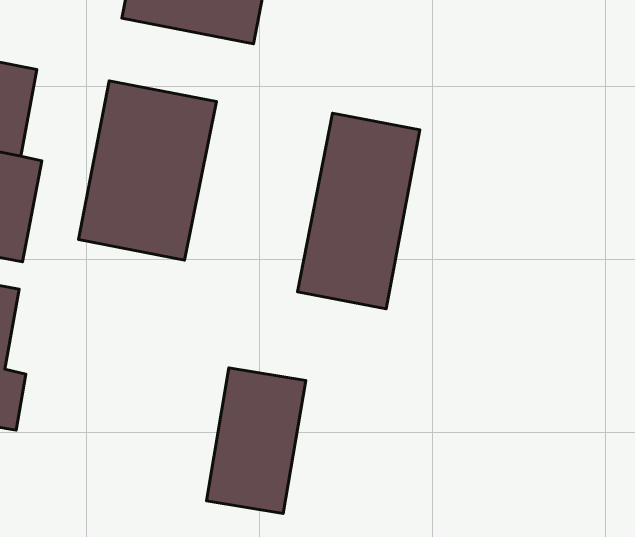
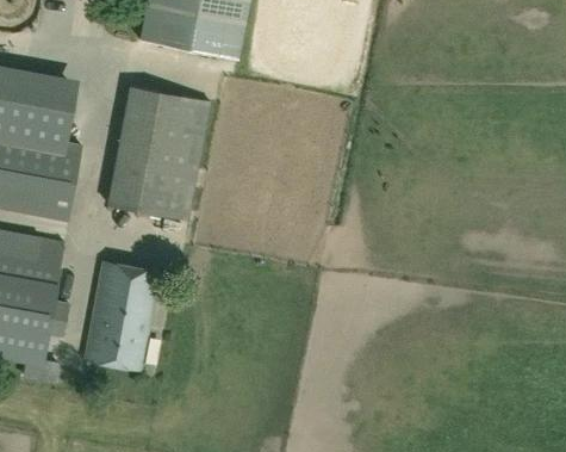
building: [298,113,420,309] -> none
building: [206,368,306,514] -> [85,262,158,371]

